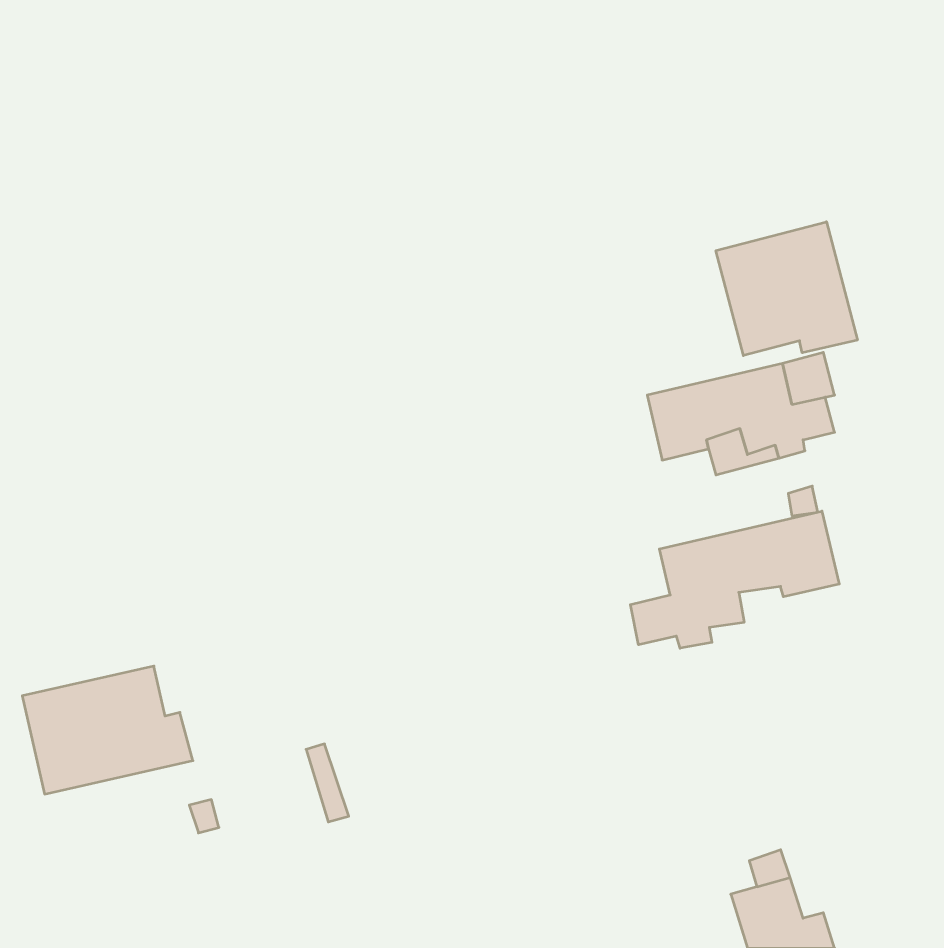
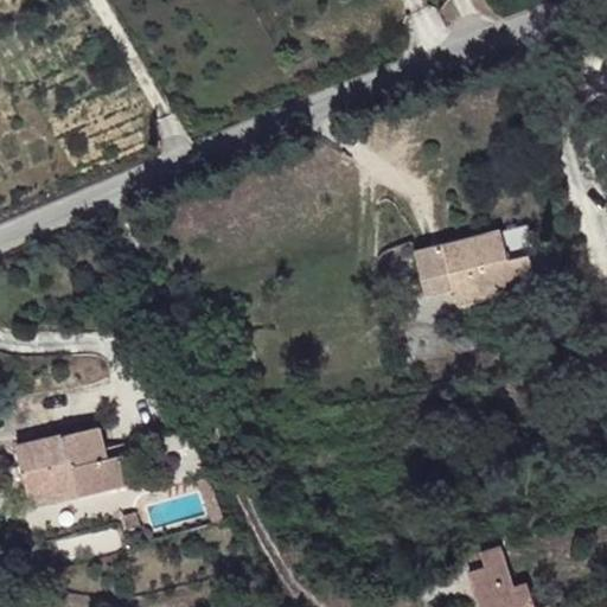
building: [716,222,857,356] -> none
building: [630,511,839,648] -> none

